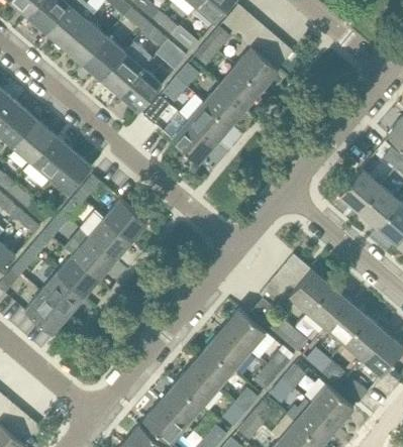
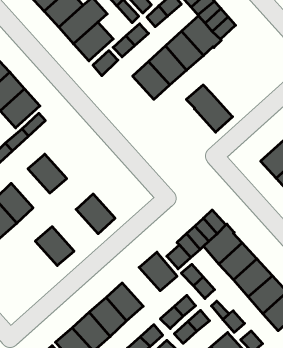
building: [162,114,214,163] -> [186,85,233,132]
building: [104,200,147,242] -> [76,194,115,234]
building: [72,237,115,278] -> [35,227,74,266]
building: [206,328,248,369] -> none

